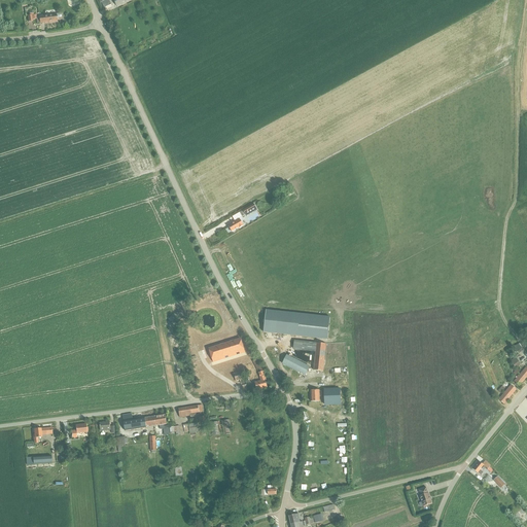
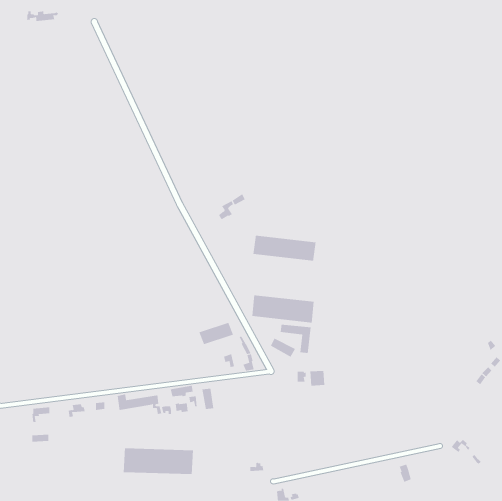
building: none -> [253,235,316,261]
building: none -> [123,448,193,475]

